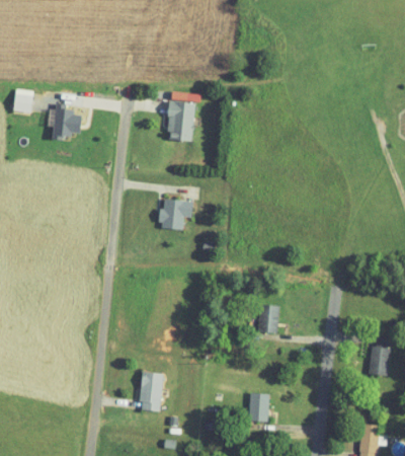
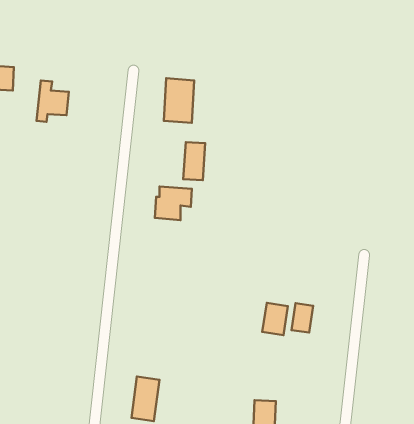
building: none -> [183,142,205,180]
building: none -> [291,303,313,333]
building: [370,347,388,375] -> none

